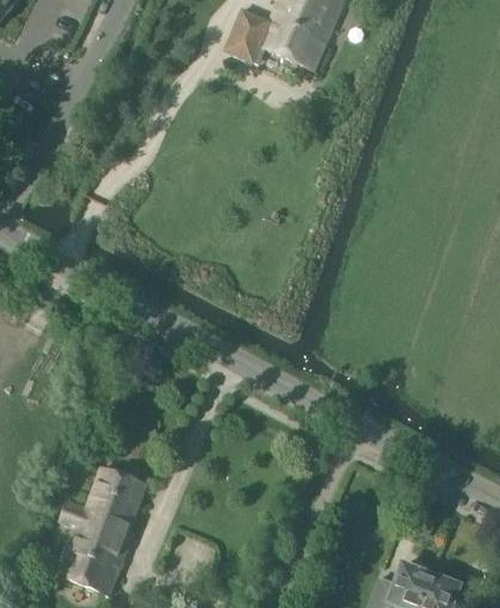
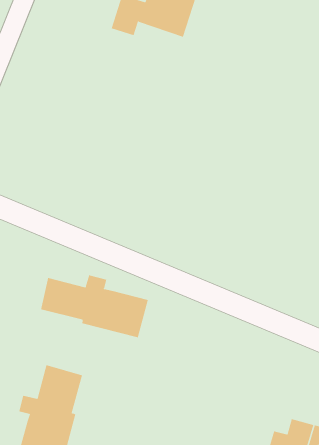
building: none -> [40,274,148,338]

